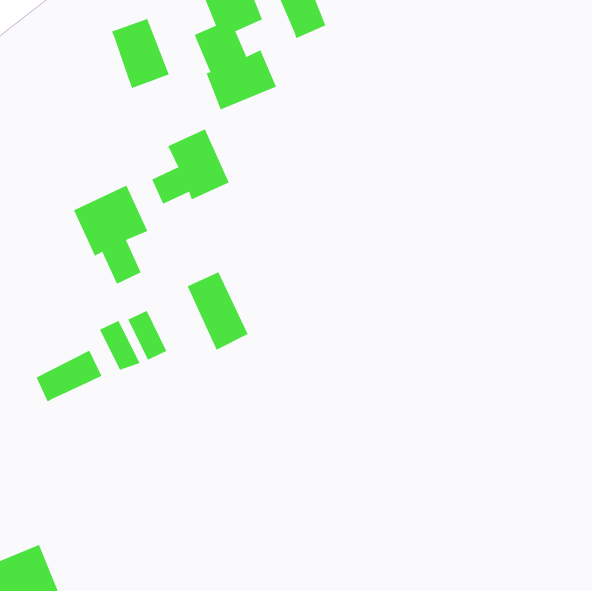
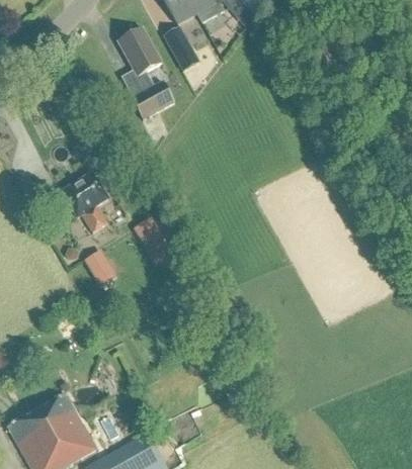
building: [111,18,170,89] -> none
building: [151,129,229,205] -> none
building: [36,350,102,402] -> none

